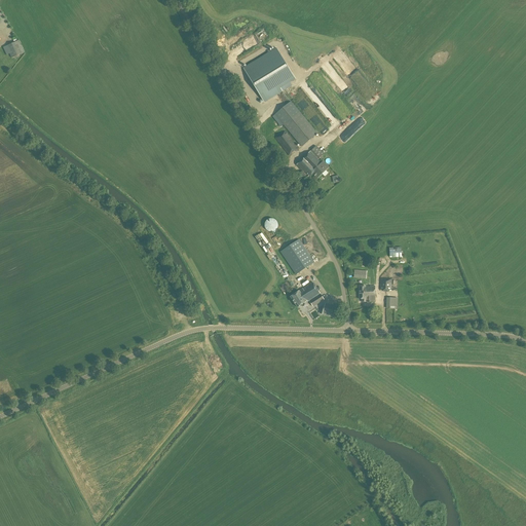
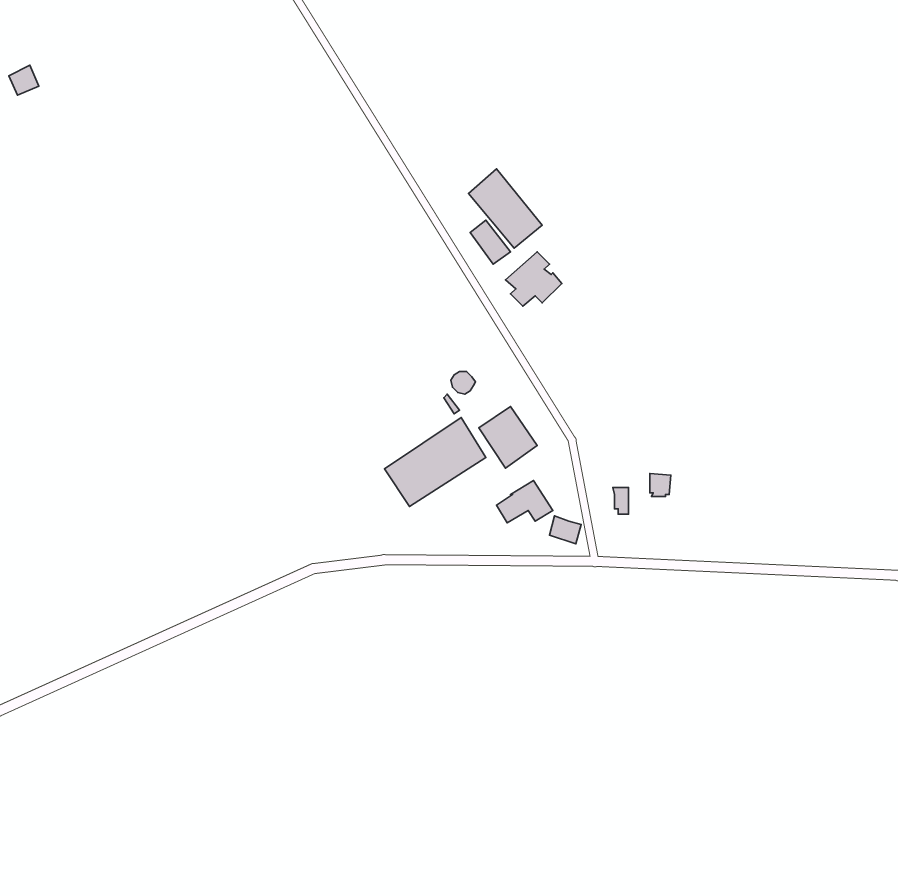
building: [242,46,294,100] -> none
building: none -> [384,418,486,507]

